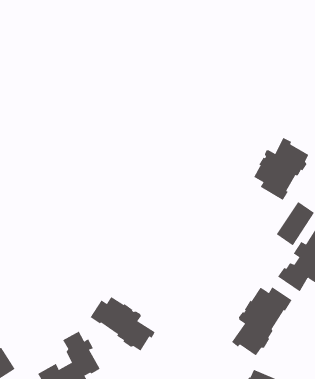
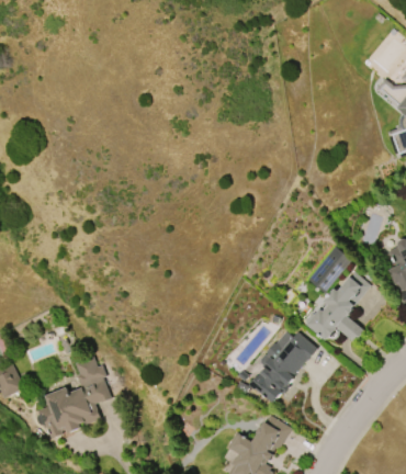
building: [254,137,309,201] -> none
building: [90,296,155,352] -> none

